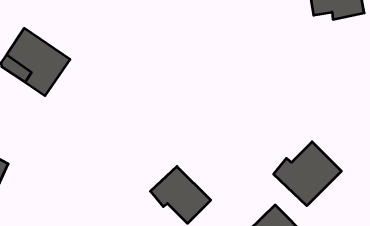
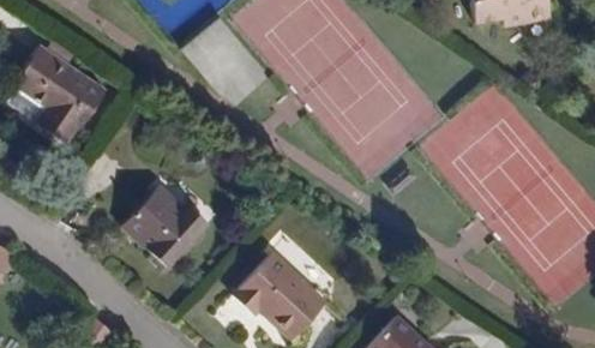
building: none -> [115,184,203,265]
building: [274,142,341,206] -> none

